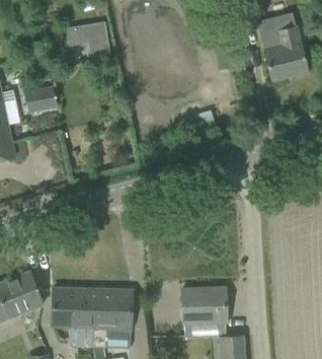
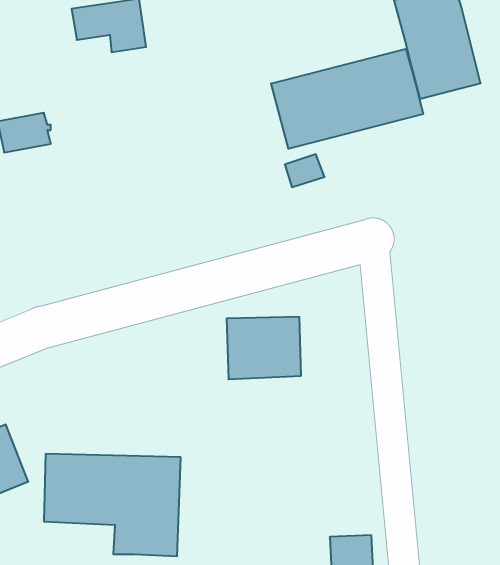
building: none -> [271,49,423,149]
building: [182,288,226,325] -> [227,317,301,379]

